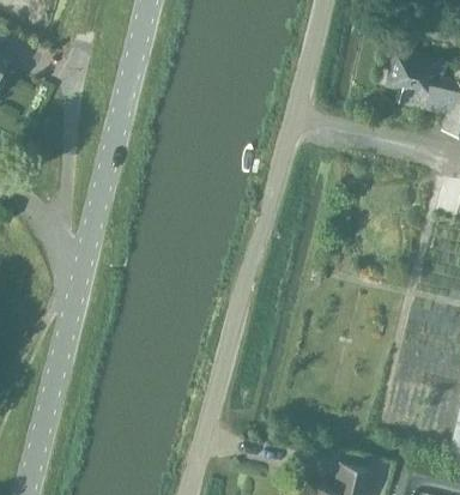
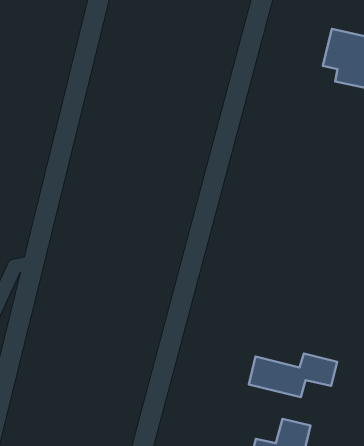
building: none -> [249,353,337,397]

